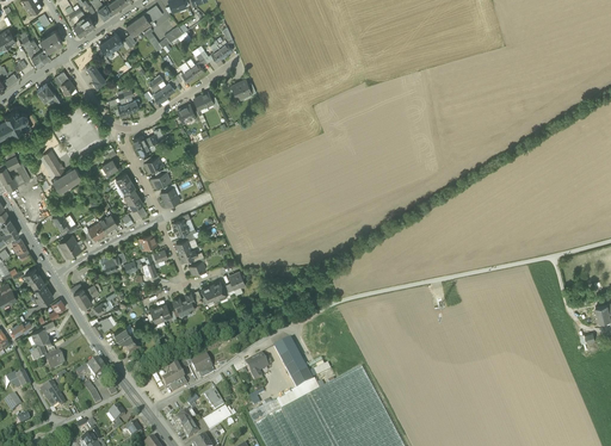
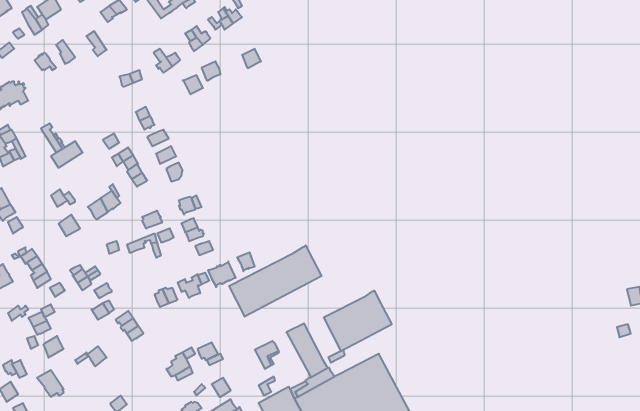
building: none -> [229,245,322,317]
building: none -> [324,291,392,351]

